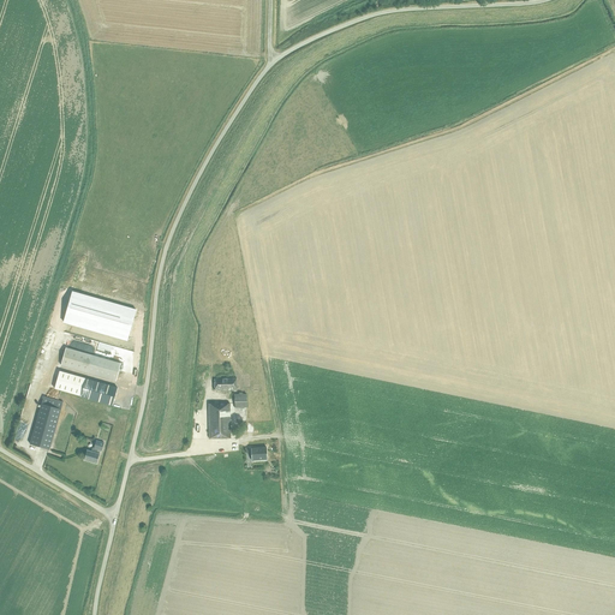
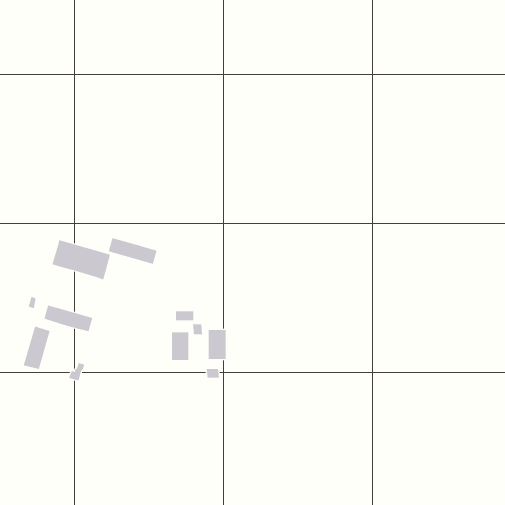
building: [60,347,120,380] -> [108,238,157,264]
building: none -> [208,329,226,360]

